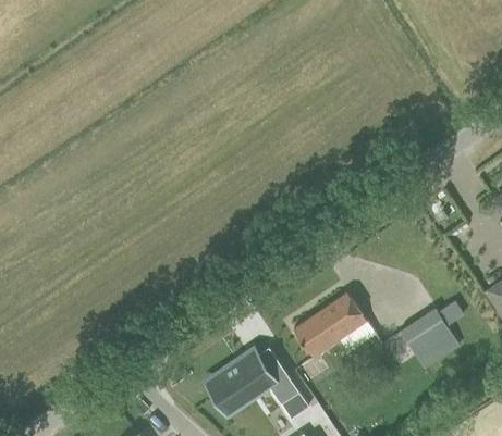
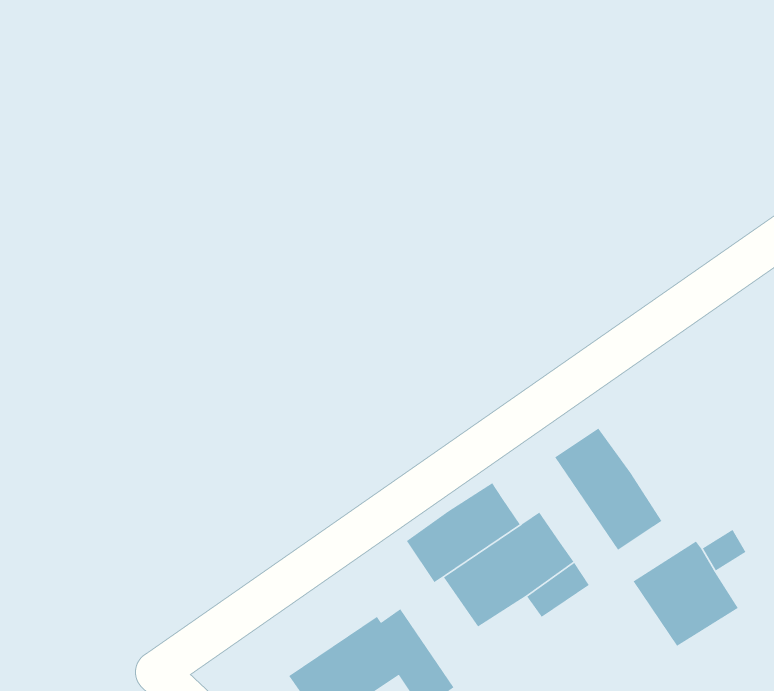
building: none -> [554,427,662,551]
building: none -> [406,482,521,583]

